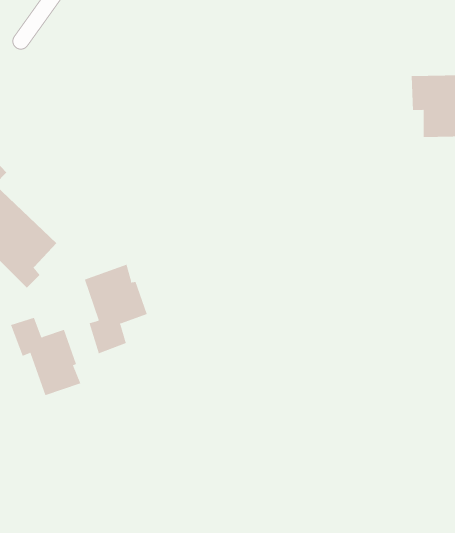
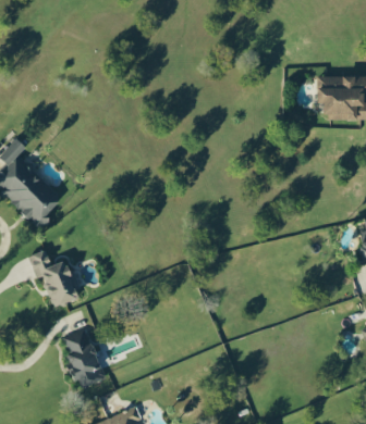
building: [84,264,147,354] -> none
building: none -> [62,328,106,387]

